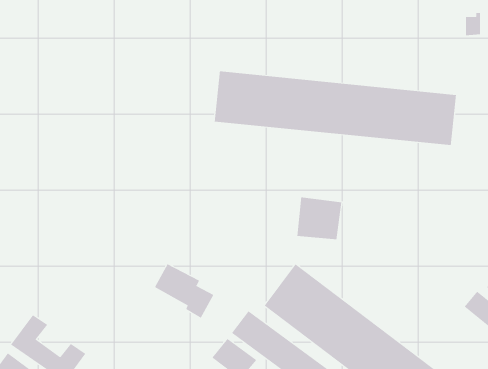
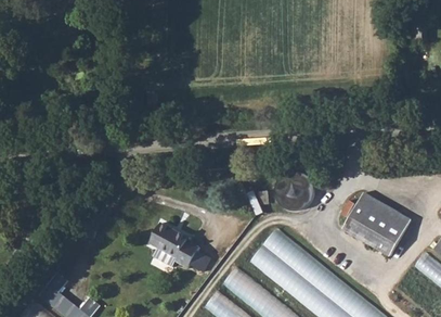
building: [214,71,457,146] -> none
building: none -> [346,196,414,254]

